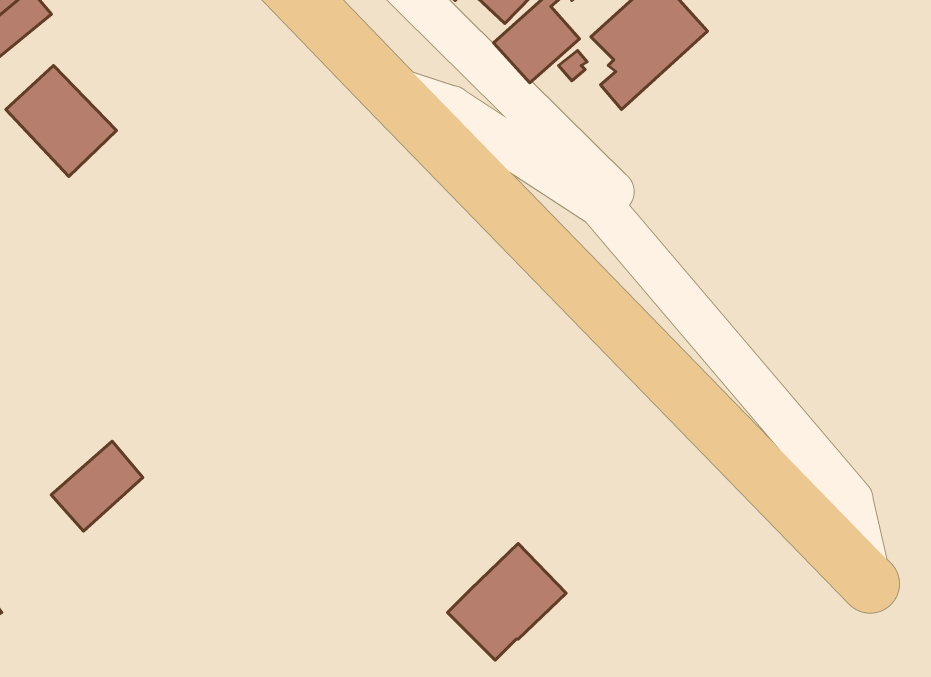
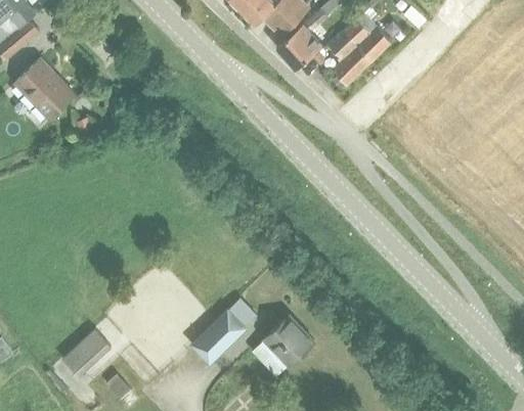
building: [51,441,143,531] -> [61,329,111,377]
building: none -> [192,299,256,363]

